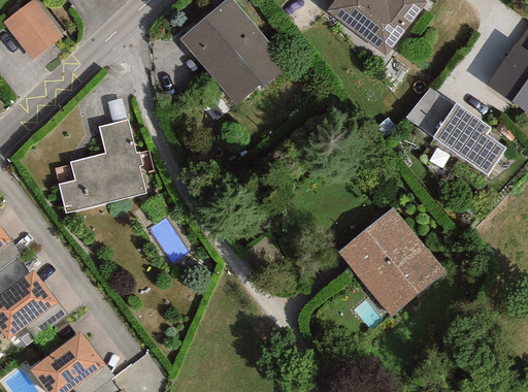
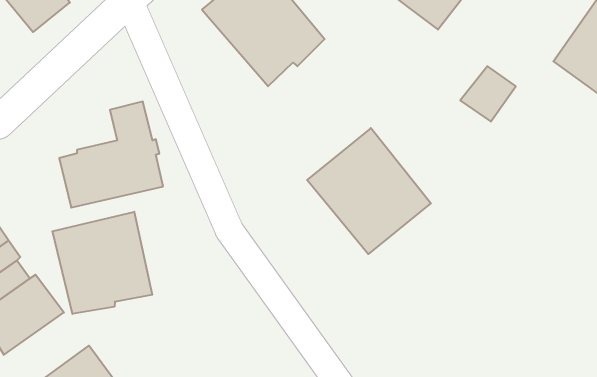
building: [432,103,505,174] -> none
building: [337,206,446,317] -> [307,128,431,254]
building: none -> [52,212,152,314]

